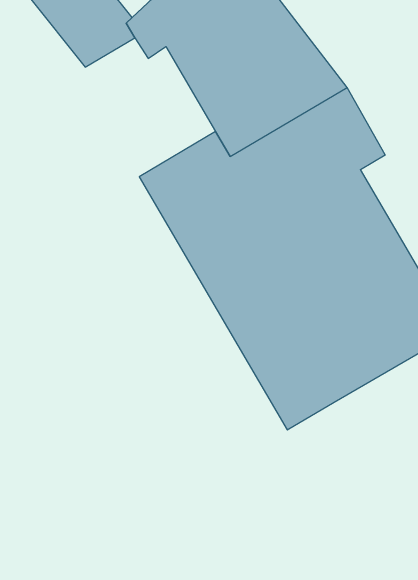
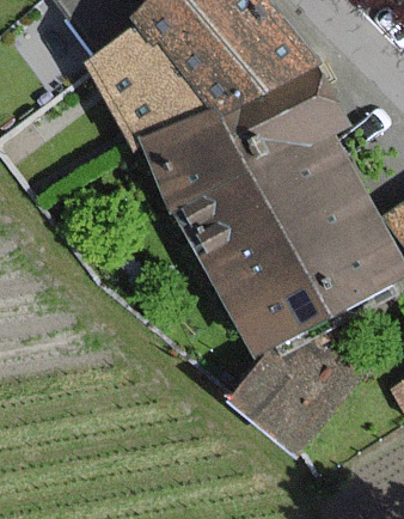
building: none -> [87,32,207,149]
building: none -> [231,330,356,448]

